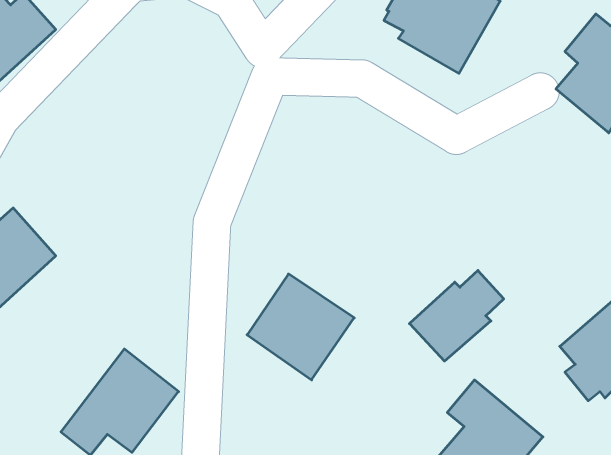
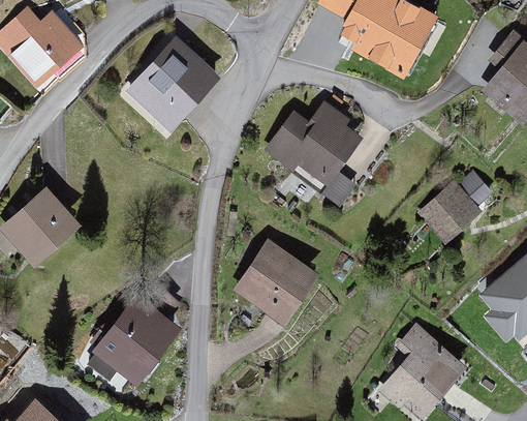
building: none -> [140,52,217,128]
building: none -> [267,110,366,193]
building: [409,270,504,361] -> [417,170,493,242]

